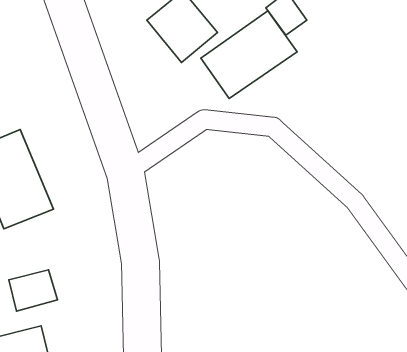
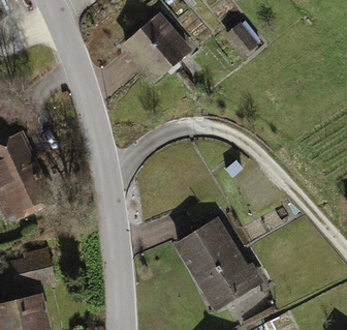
building: [201,11,297,98] -> none
building: none -> [174,212,259,305]

